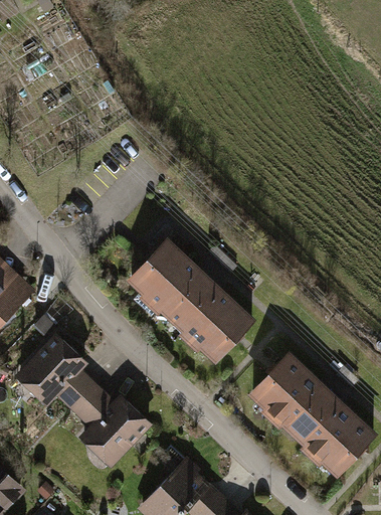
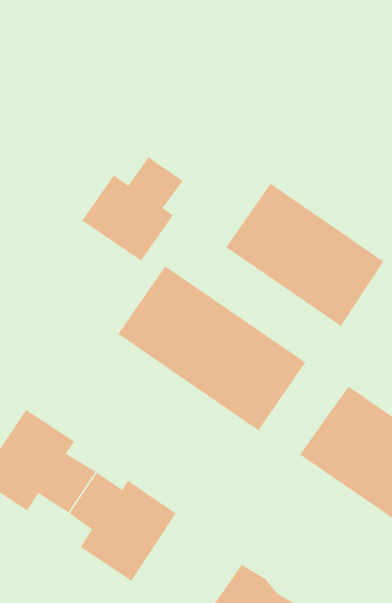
building: none -> [82,157,183,261]
building: none -> [226,183,384,327]

